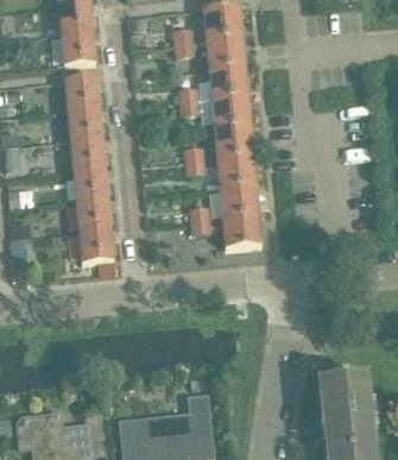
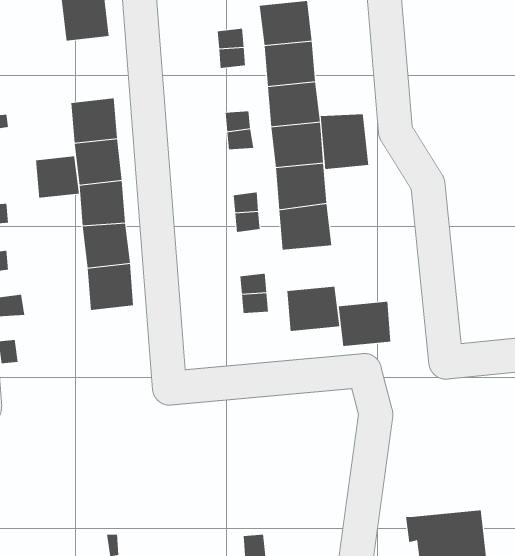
building: [62,32,96,65] -> none
building: none -> [320,113,369,170]
building: none -> [35,156,79,199]
building: [220,185,259,219] -> [338,301,391,347]
building: [80,229,114,263] -> none

